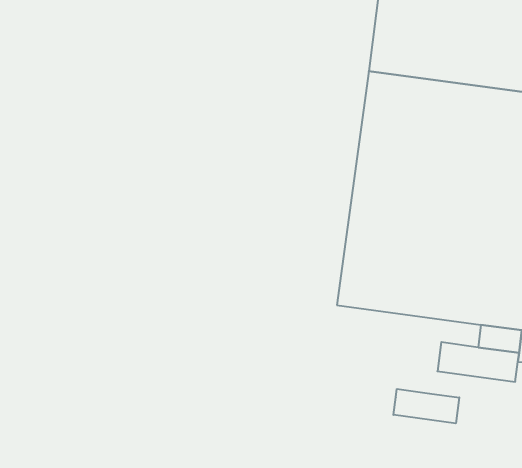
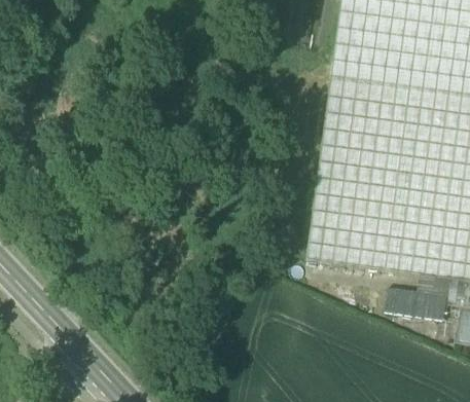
building: [393,389,459,423] -> none

